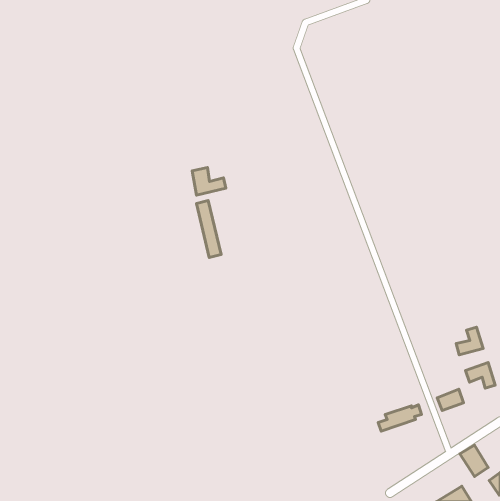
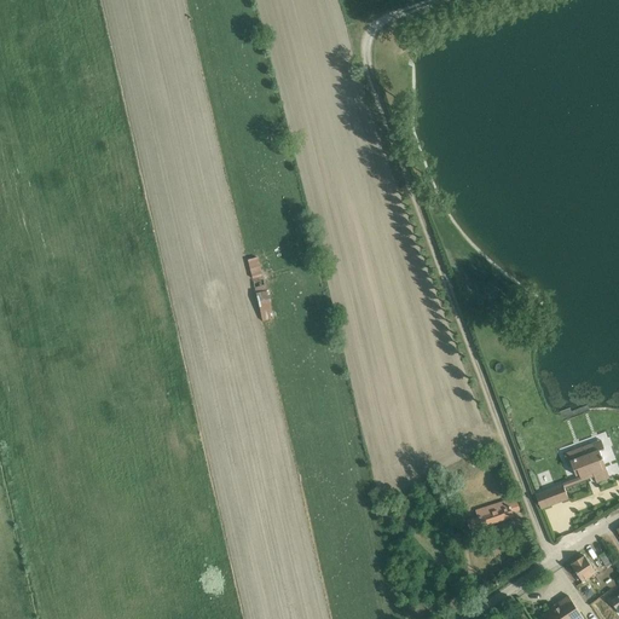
building: [192,168,226,195] -> none
building: [456,327,483,355] -> none

